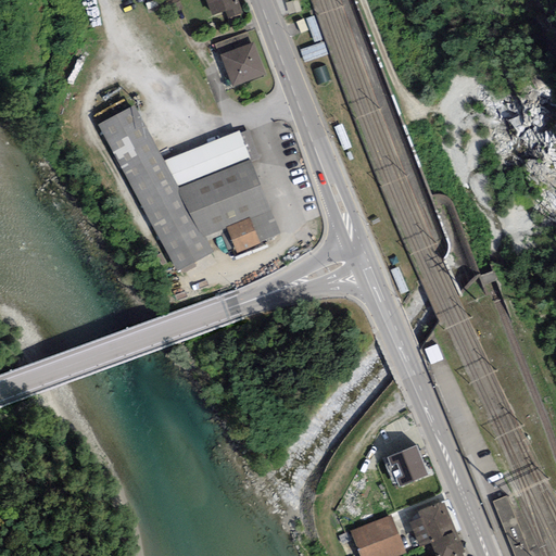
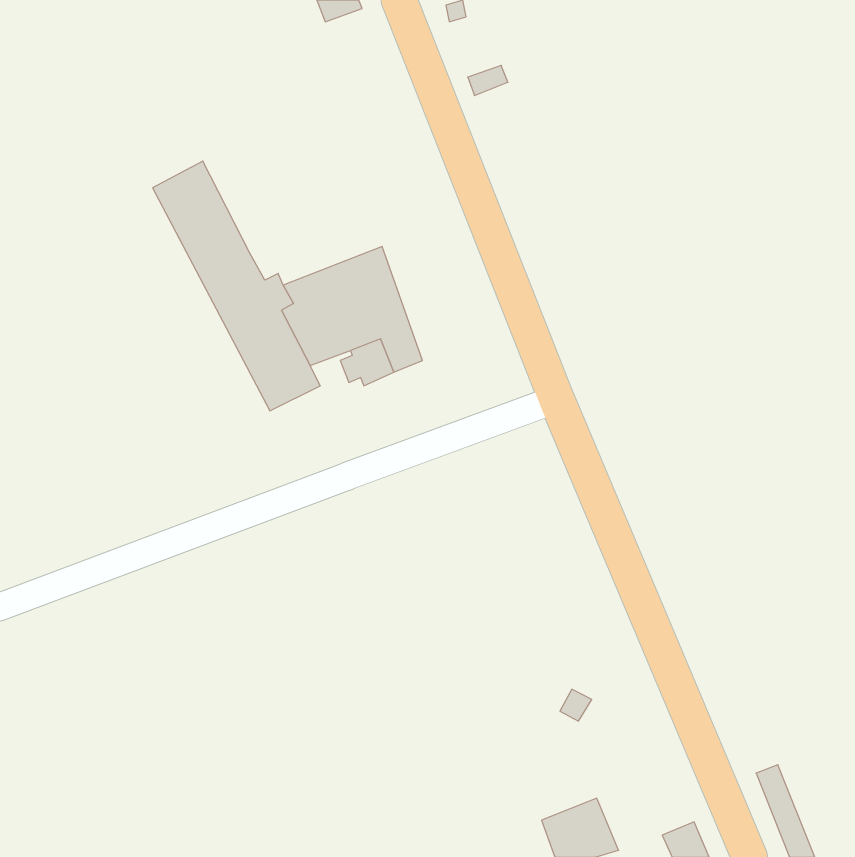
building: [217,33,263,87] -> none
building: [162,130,256,185] -> none
building: [392,445,426,485] -> none
building: [409,503,450,544] -> none

